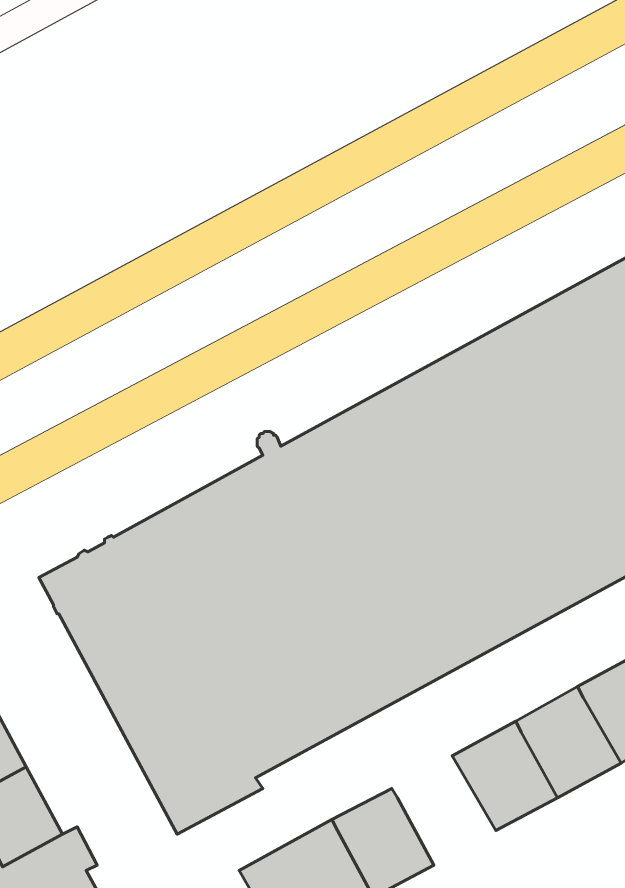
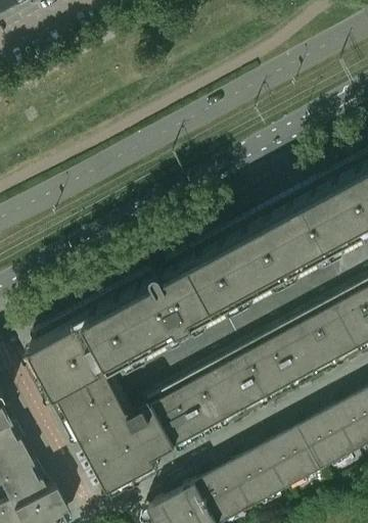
building: none -> [229,446,287,508]

